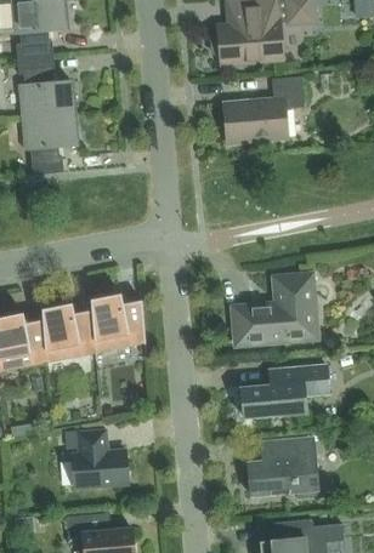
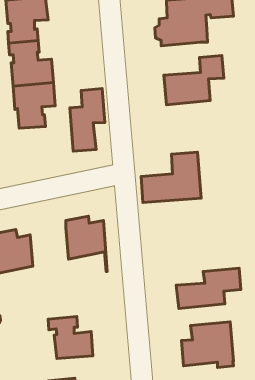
building: none -> [70,89,105,151]
building: [234,275,316,343] -> [141,152,201,202]
building: [41,302,95,361] -> none

